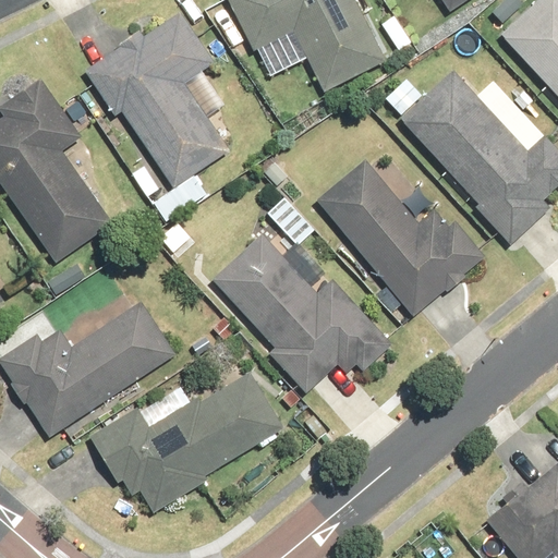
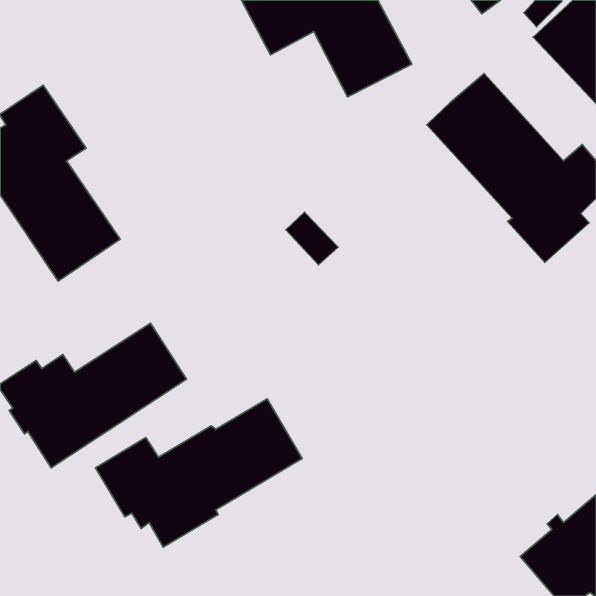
building: [84,11,230,190] -> none
building: [315,160,483,315] -> none
building: [213,234,396,392] -> none

